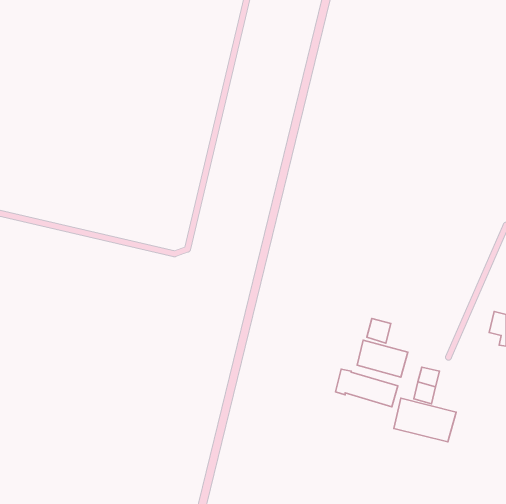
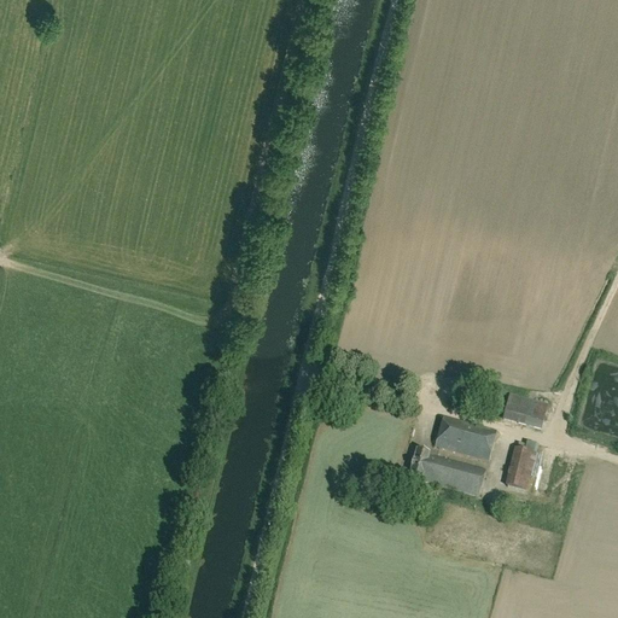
building: [367,318,391,343] -> [517,397,546,427]
building: [394,398,456,442] -> none

